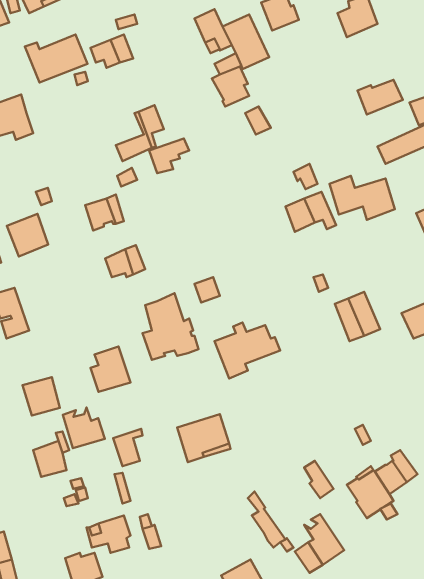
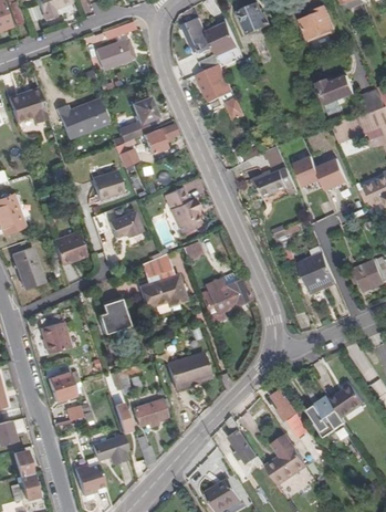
building: [25,35,87,83] -> [56,98,108,138]
building: [7,214,48,257] -> [53,237,87,272]
building: none -> [163,188,199,234]
building: [63,408,105,448] -> none
building: none -> [133,399,167,425]

